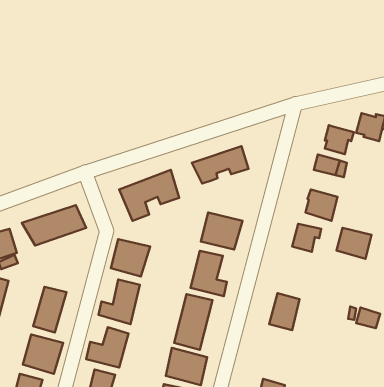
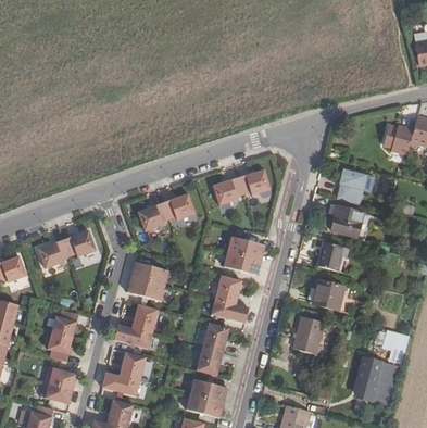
building: [325,125,354,154] -> none
building: [336,228,372,259] -> [313,284,350,316]
building: none -> [355,362,394,406]

